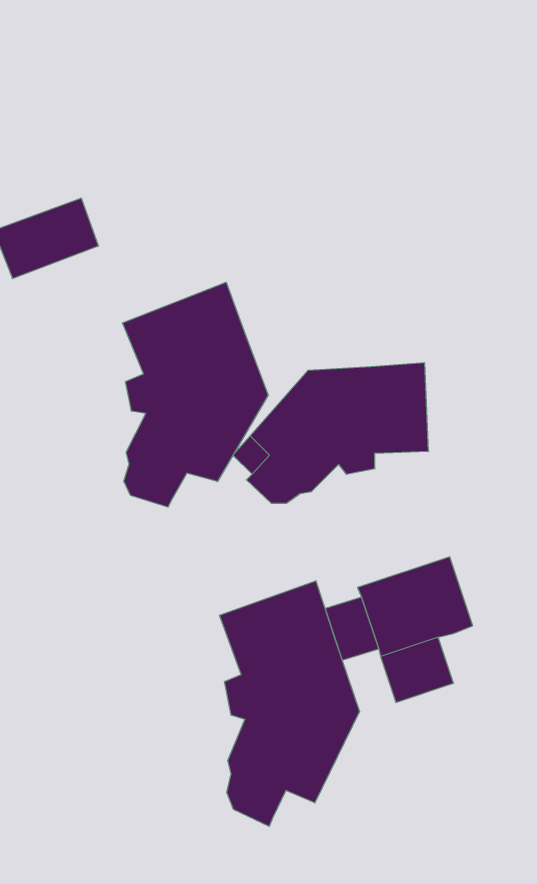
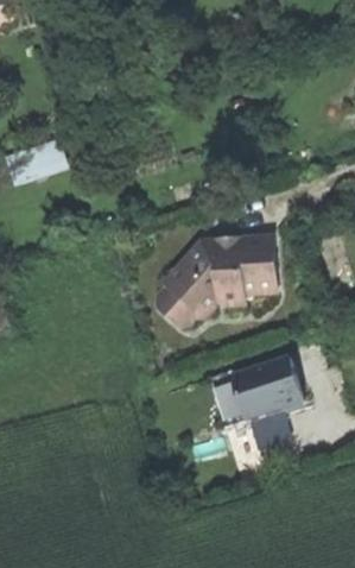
building: [122,282,268,507] -> none
building: [219,581,360,826] -> none

